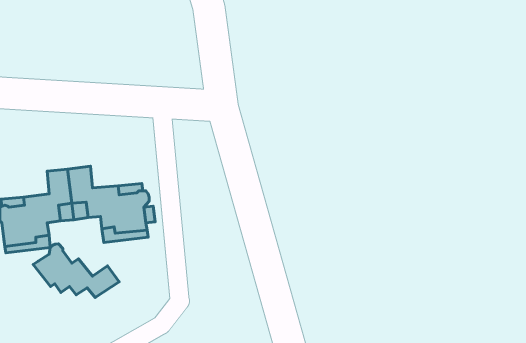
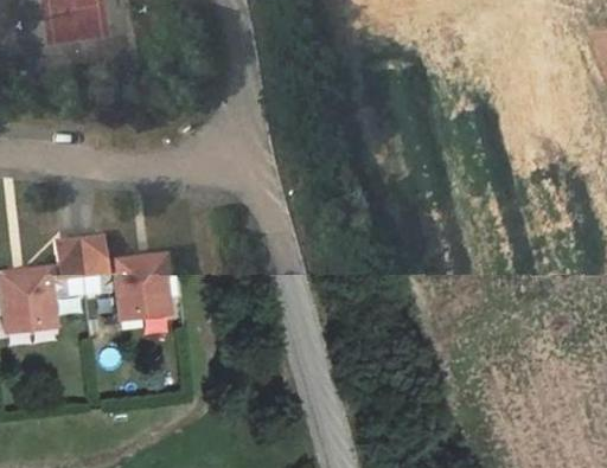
building: [33,244,119,298] -> none

